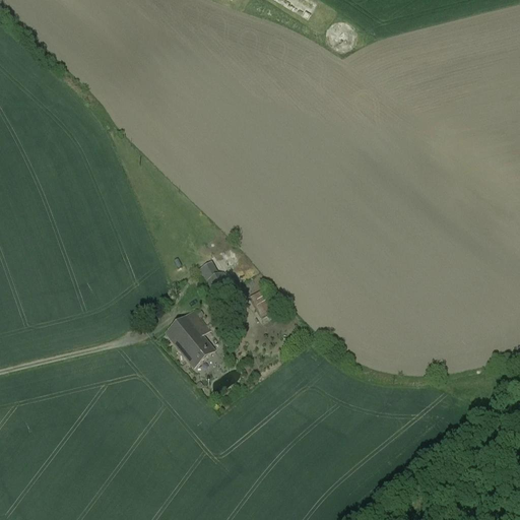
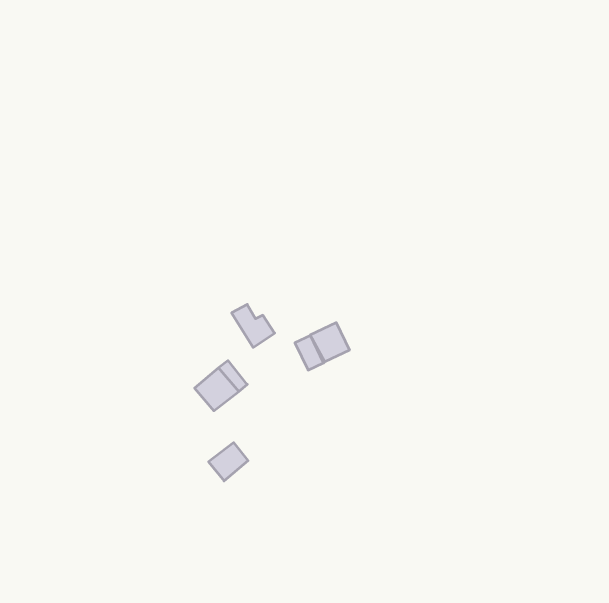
building: none -> [310,323,349,362]
building: [182,333,215,366] -> [209,443,248,481]

